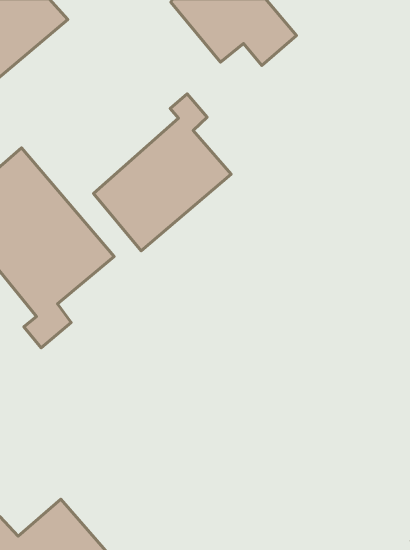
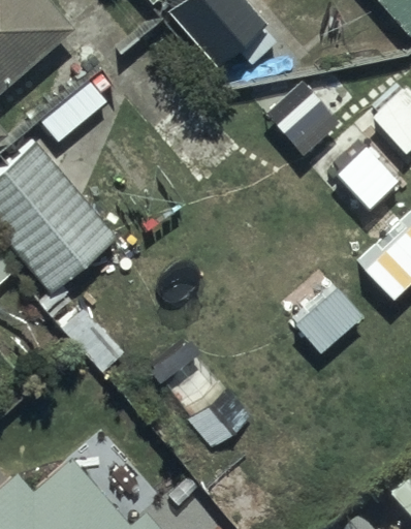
building: [94,94,231,251] -> none

